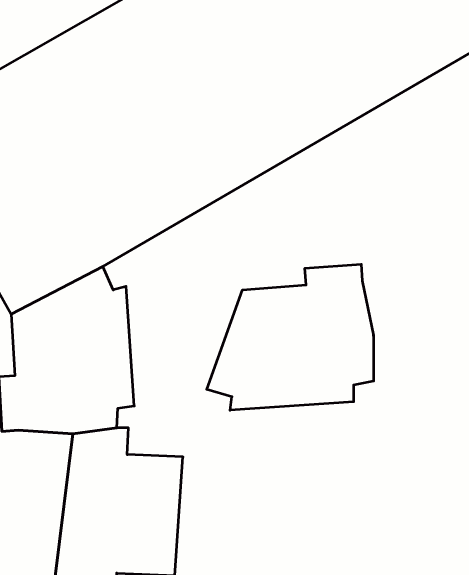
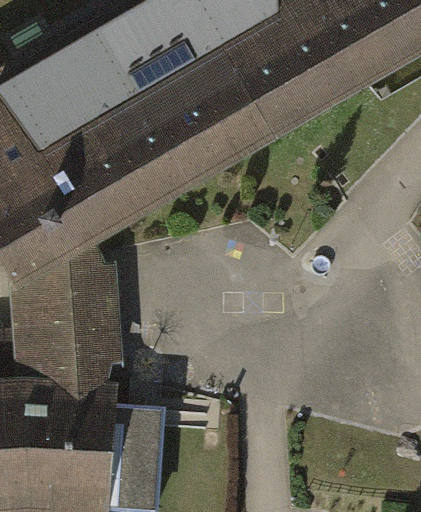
building: [207,264,374,410] -> none

